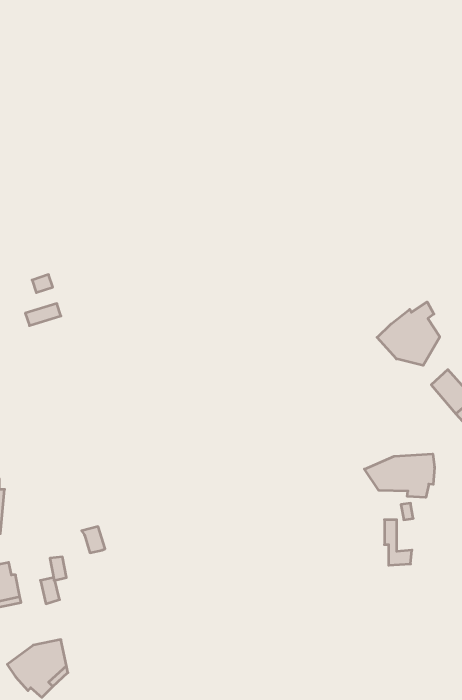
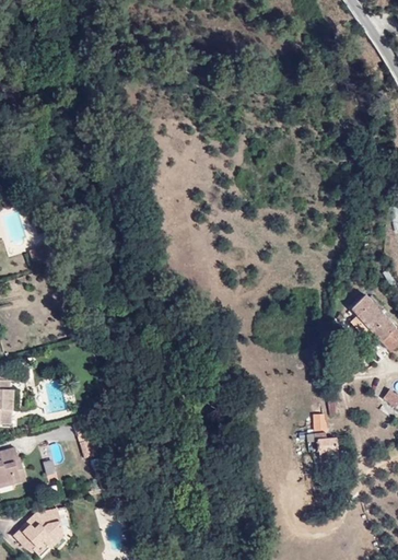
building: [377,302,440,365] -> none
building: [364,454,434,497] -> none

